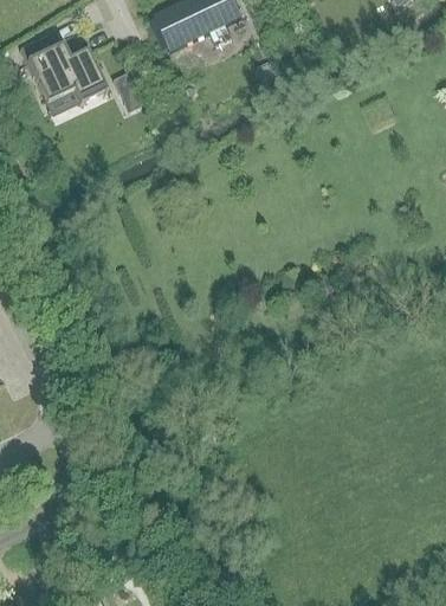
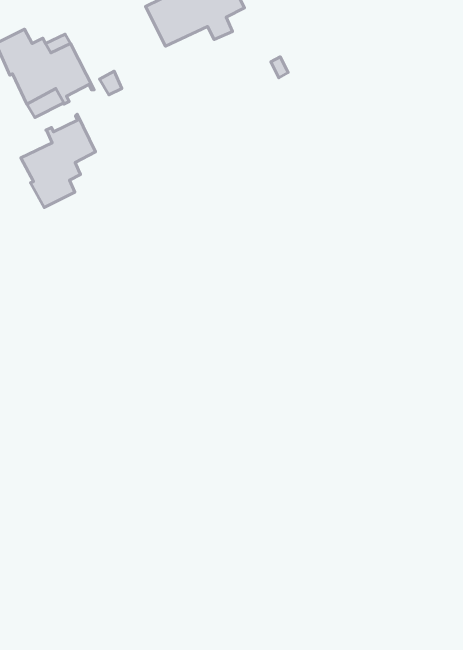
building: none -> [21,114,95,208]

